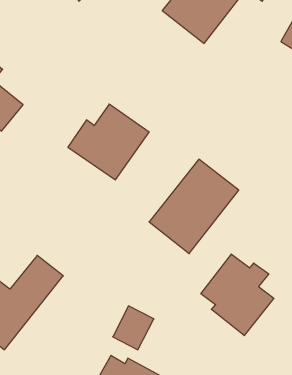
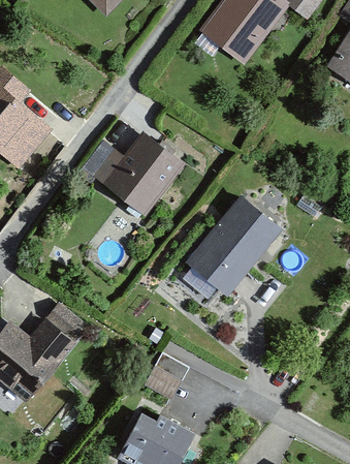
building: [201,254,274,336] -> none

